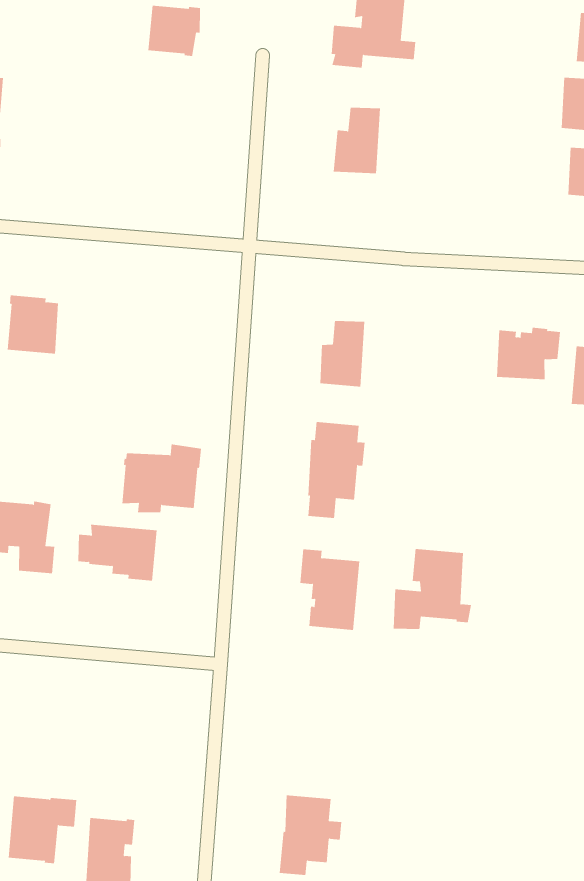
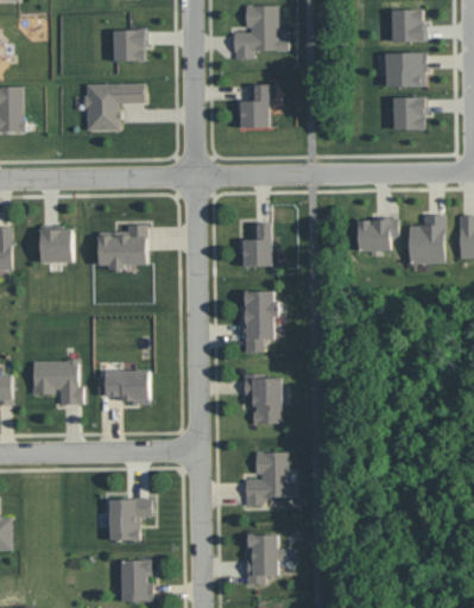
building: none -> [84,83,144,131]
building: [122,444,202,513] -> [97,224,147,271]
building: [393,548,472,630] -> [245,452,296,506]
building: [8,796,77,864] -> [109,499,151,542]

